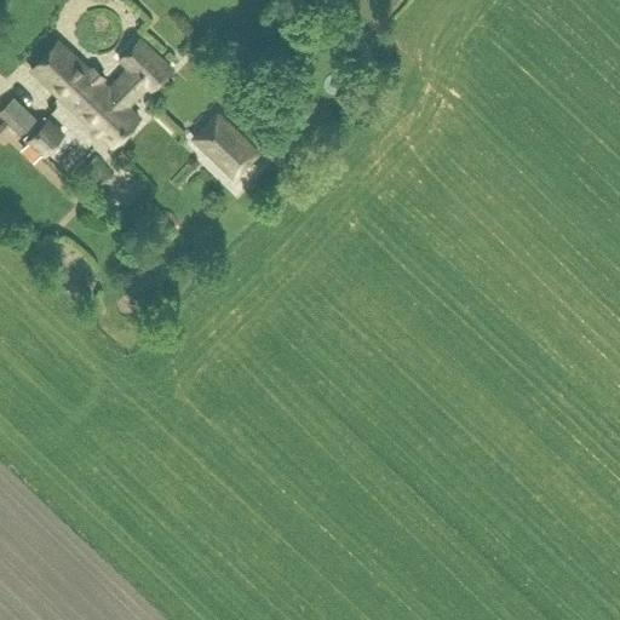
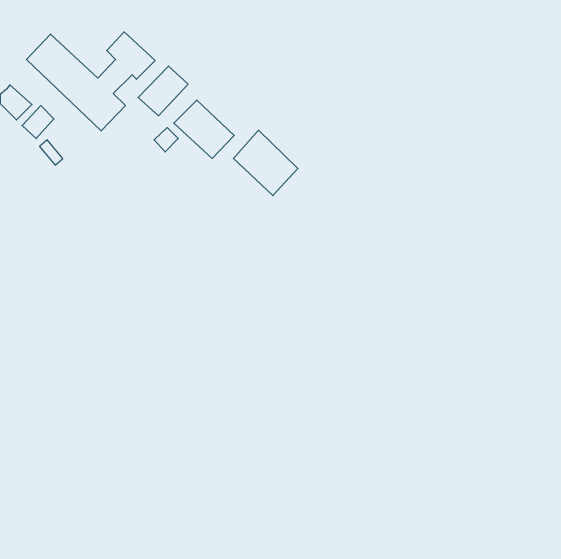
building: none -> [138,66,188,116]
building: none -> [233,130,298,196]

